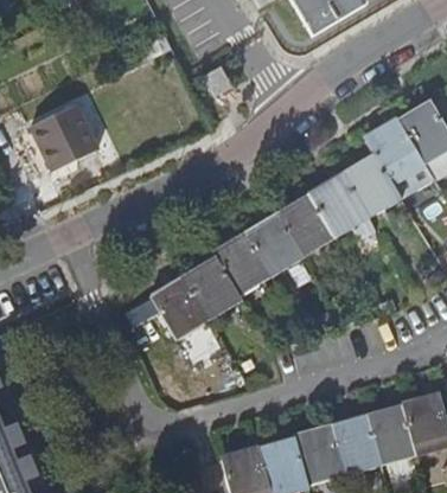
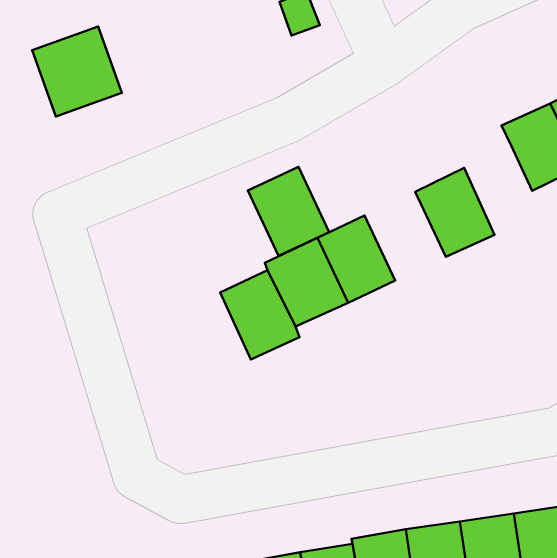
building: [345,152,403,215] -> none
building: [280,191,339,254] -> [248,167,329,256]
building: [154,275,212,338] -> none

